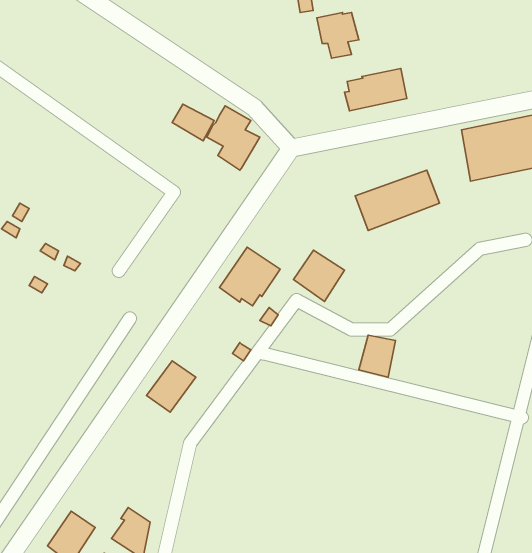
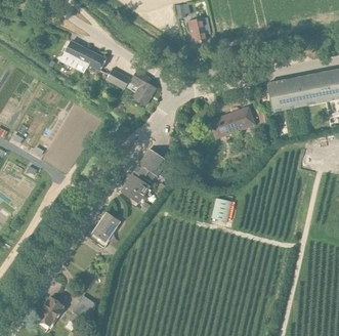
building: none -> [61,41,107,72]
building: [344,68,407,111] -> none
building: [293,250,345,301] -> [121,173,150,202]

